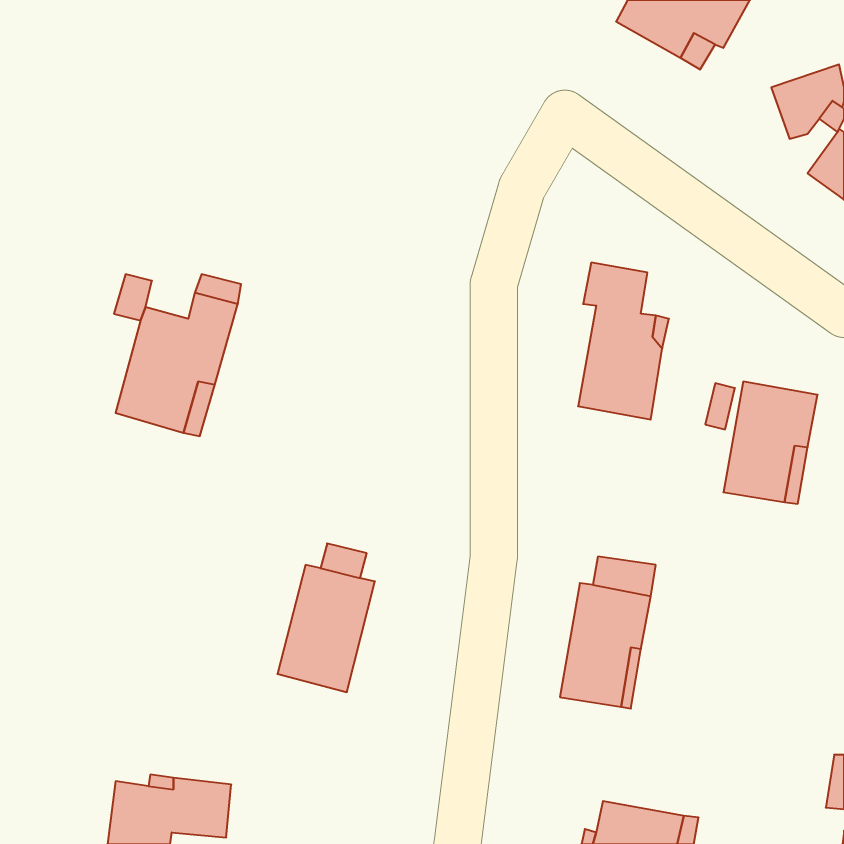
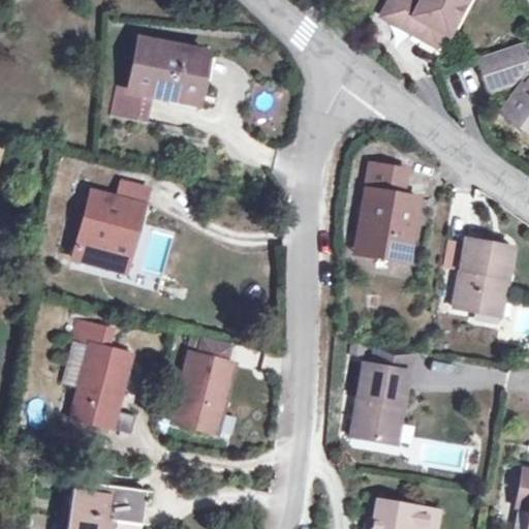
building: none -> [112,39,203,121]
building: none -> [64,321,131,430]

